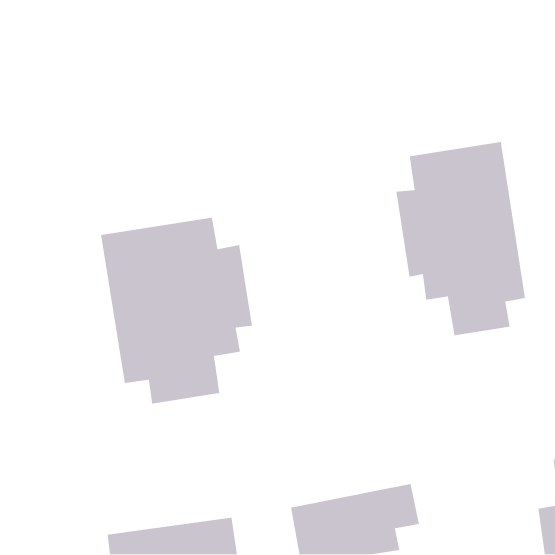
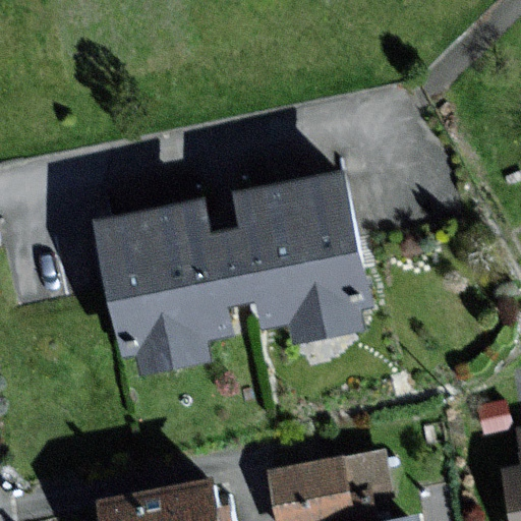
building: [395,141,526,336] -> none
building: none -> [226,175,361,337]

